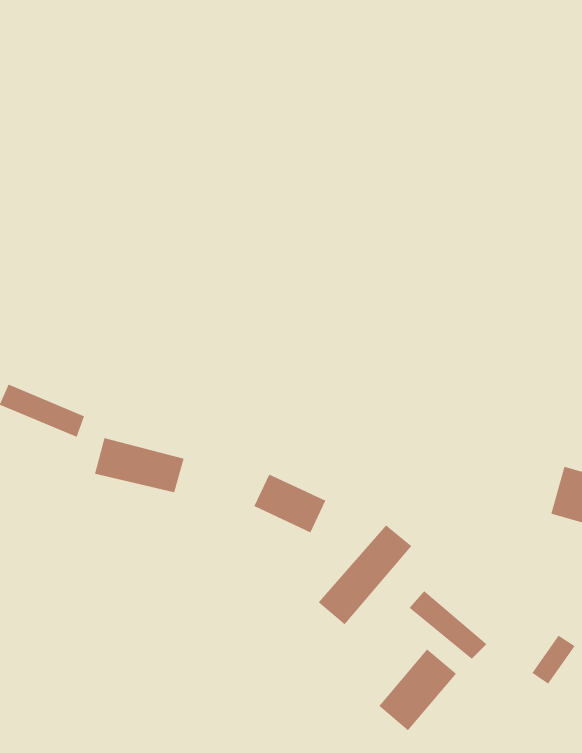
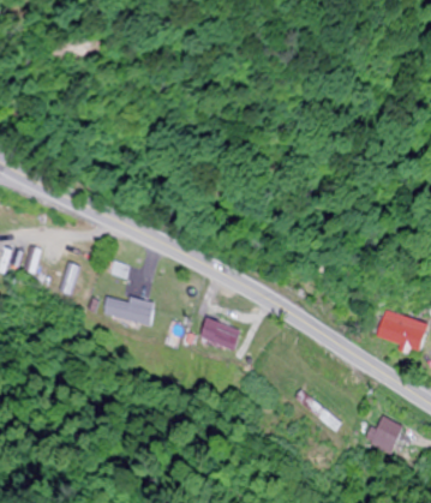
building: [318,525,412,625] -> none
building: [378,649,457,731] -> none

